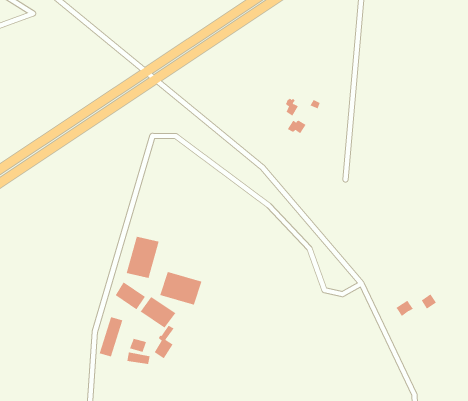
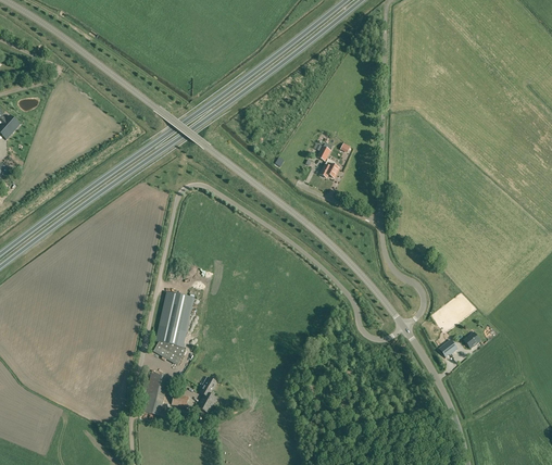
building: [160,271,202,305] -> none
building: [140,296,176,328] -> none

